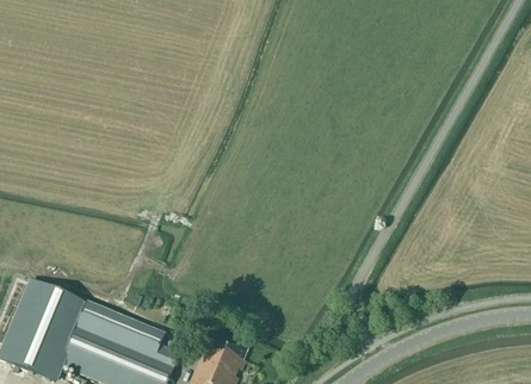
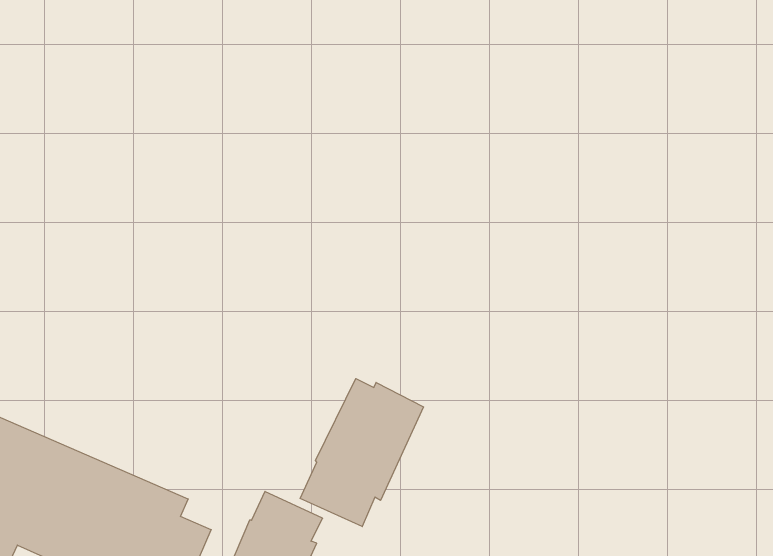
building: none -> [300,379,424,527]

